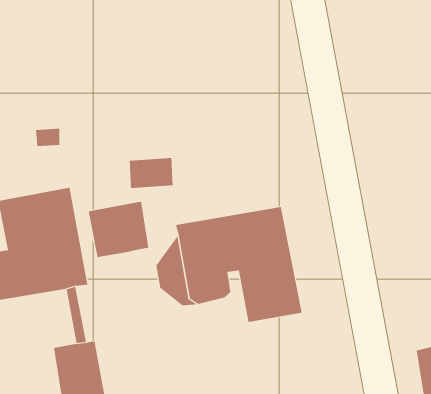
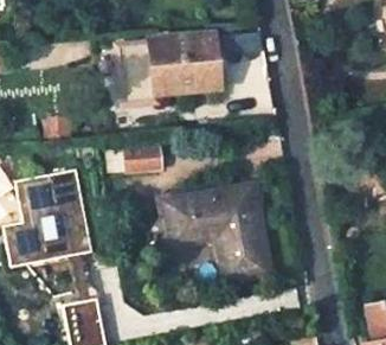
building: none -> [120,34,223,107]
building: [88,201,149,258] -> none

